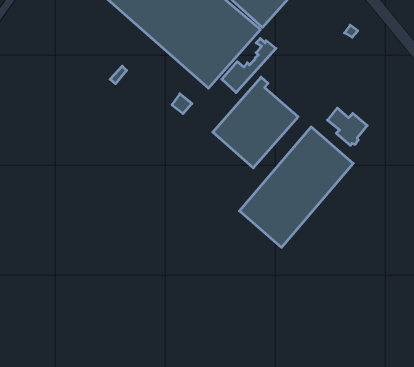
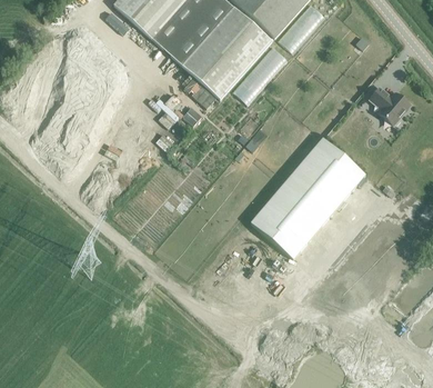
building: [213,77,298,168] -> none
building: [327,108,367,145] -> [370,86,410,123]

